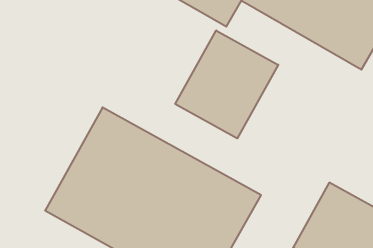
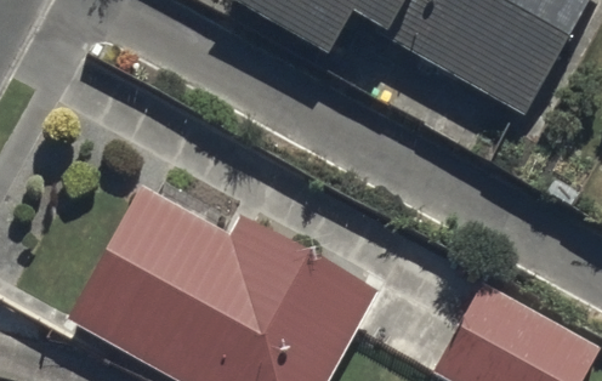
building: [175,30,278,138] -> none

